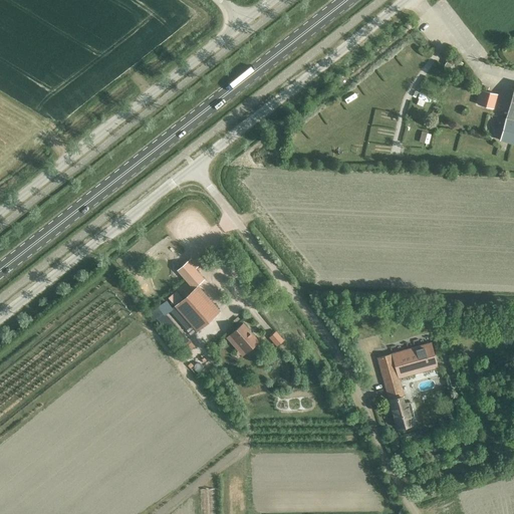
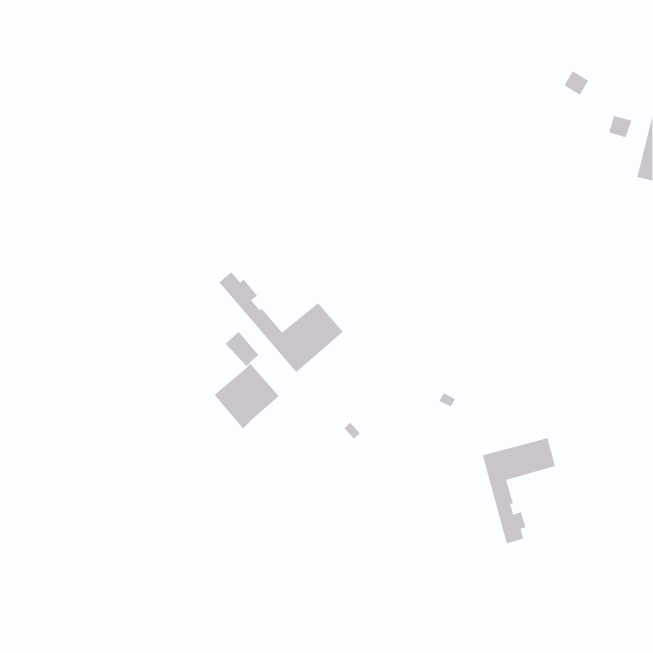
building: none -> [218,271,344,373]
building: [227,323,258,352] -> none

